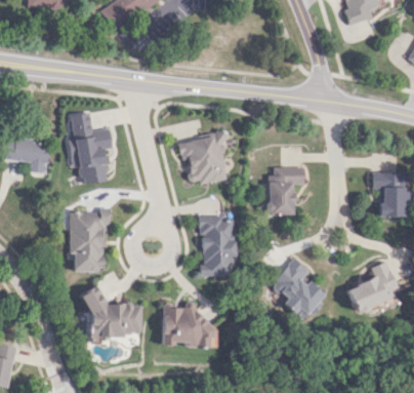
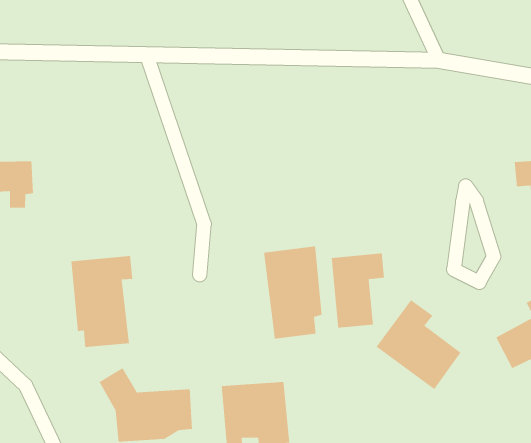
building: [70,113,112,185] -> none
building: [177,133,229,184] -> none
building: [270,167,304,215] -> [331,253,385,328]

